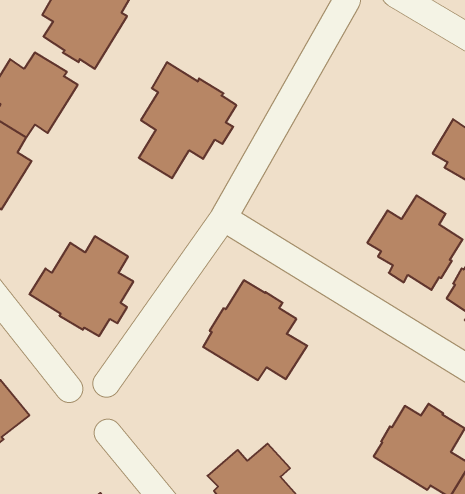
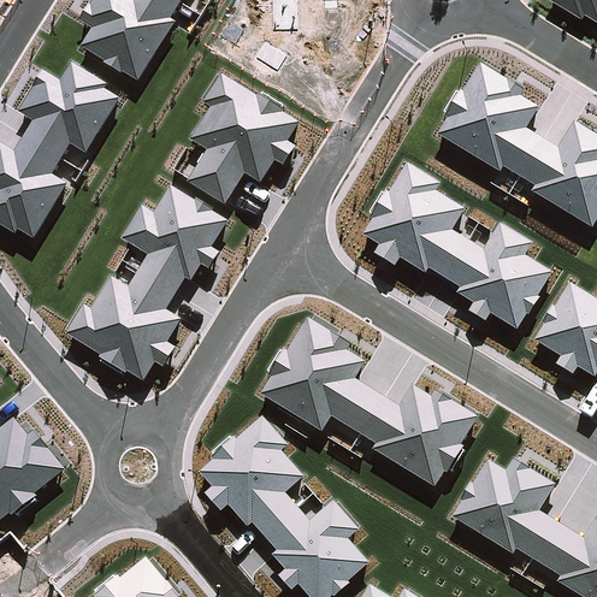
building: none -> [436,64,540,176]
building: none -> [362,164,467,276]
building: none -> [122,185,226,291]
building: none -> [353,385,478,485]
building: none -> [199,415,303,537]

